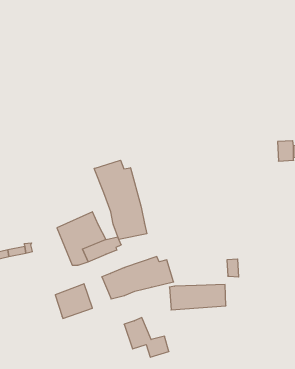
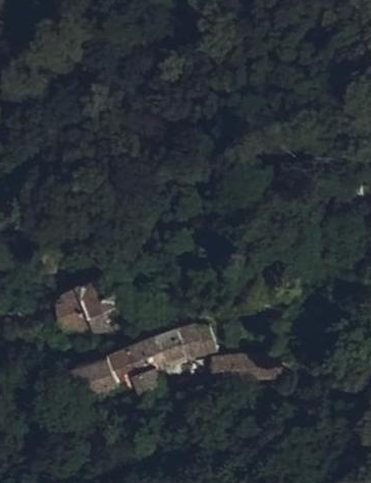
building: [94,160,147,239] -> none
building: none -> [53,287,91,336]
building: [124,318,169,357] -> [105,346,159,394]

